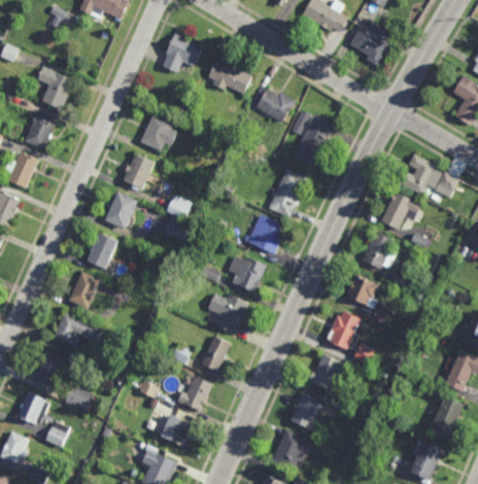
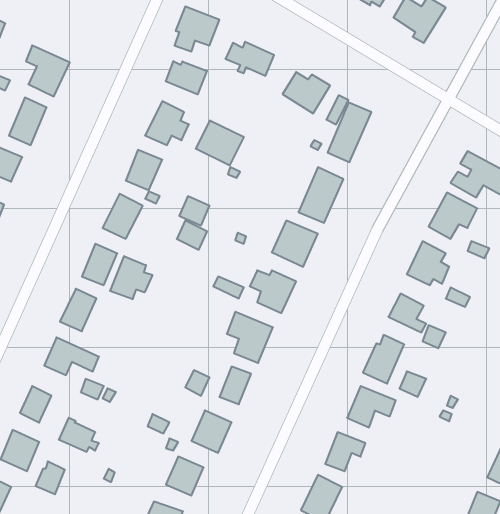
building: none -> [166,61,207,94]
building: none -> [196,120,244,165]
building: none -> [110,256,152,299]

